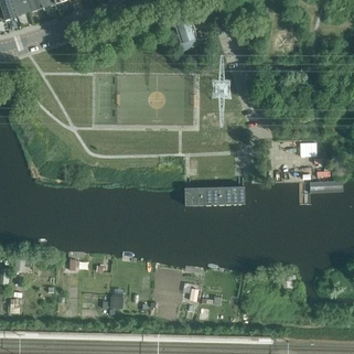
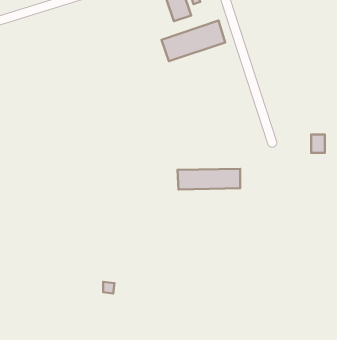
building: none -> [161,21,225,61]

